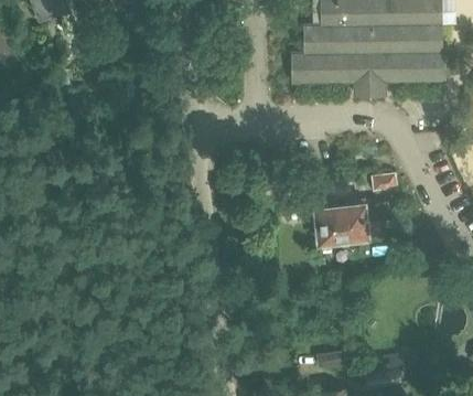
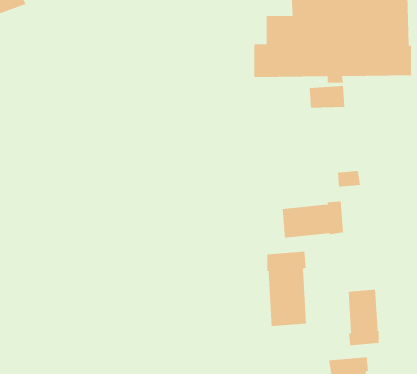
building: none -> [267,251,307,327]
building: none -> [348,289,379,346]

